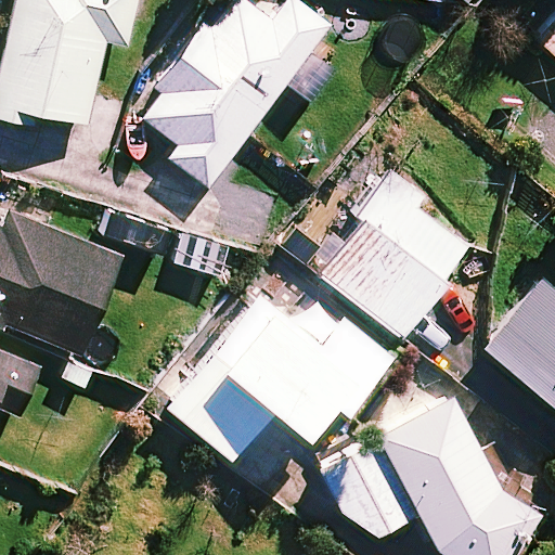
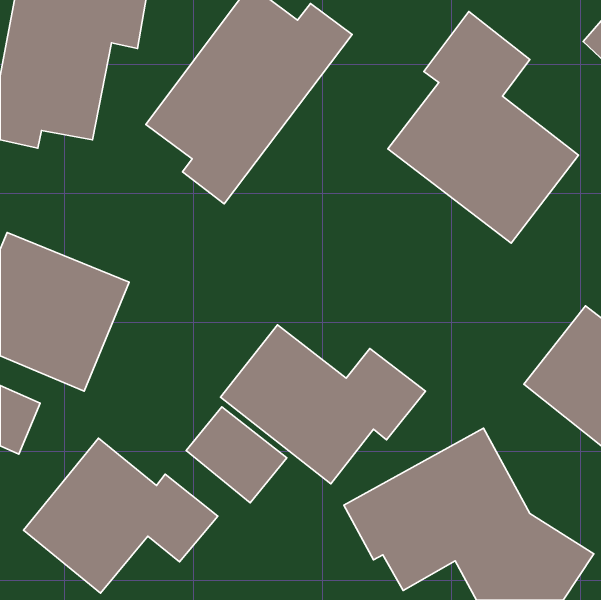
building: none -> [388,11,578,243]
building: [320,170,474,337] -> none
building: none -> [24,438,218,593]

